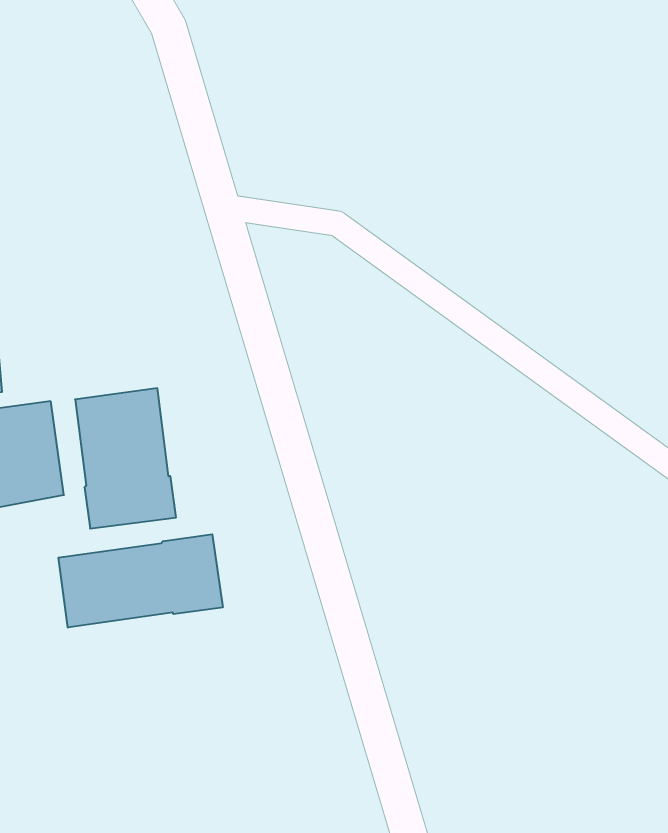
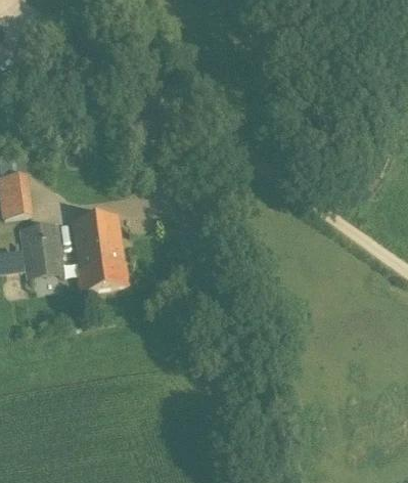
building: [58,534,223,628] -> none

